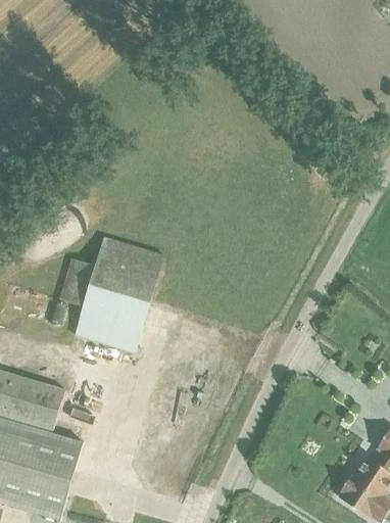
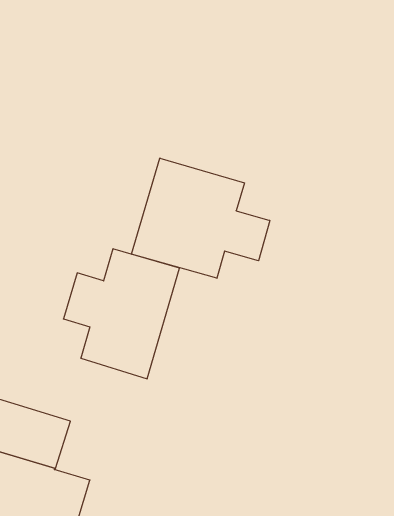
building: none -> [132,158,270,278]

